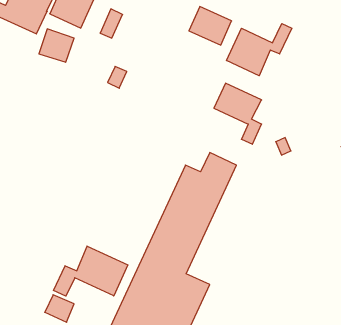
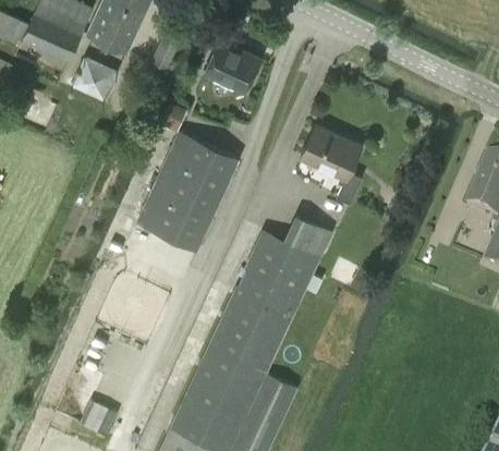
building: [189,7,232,45] -> [204,40,259,90]
building: [227,24,292,76] -> none
building: none -> [138,133,236,248]
building: [54,246,128,296] -> none

